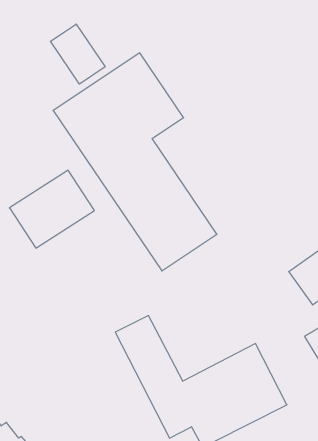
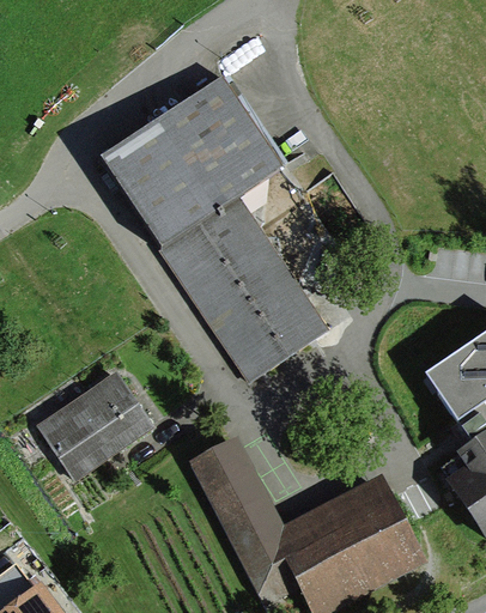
building: [50,24,105,84] -> none
building: [9,170,94,248] -> [38,371,154,478]

